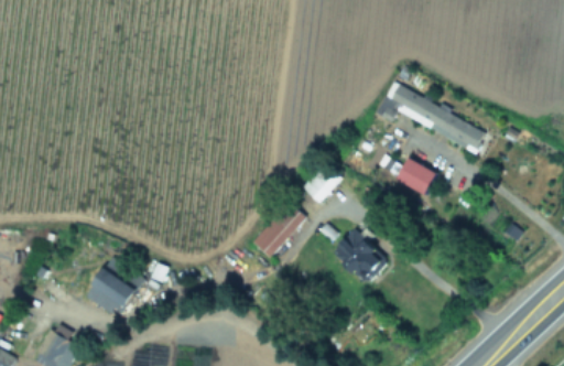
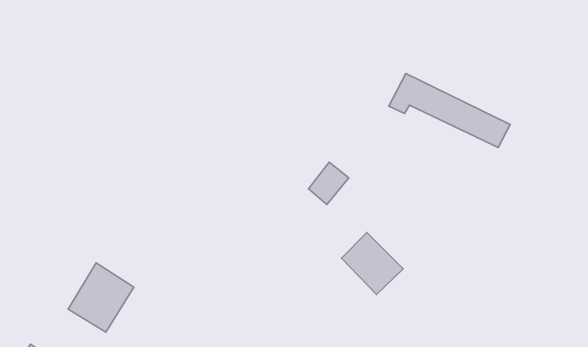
building: [395,157,437,195] -> none
building: [251,202,307,257] -> none

